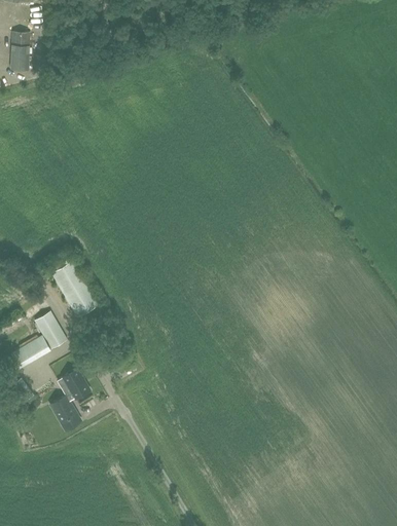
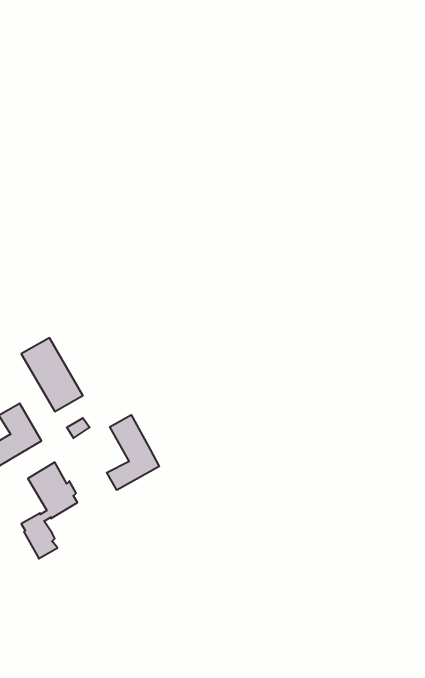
building: none -> [107,415,159,490]

